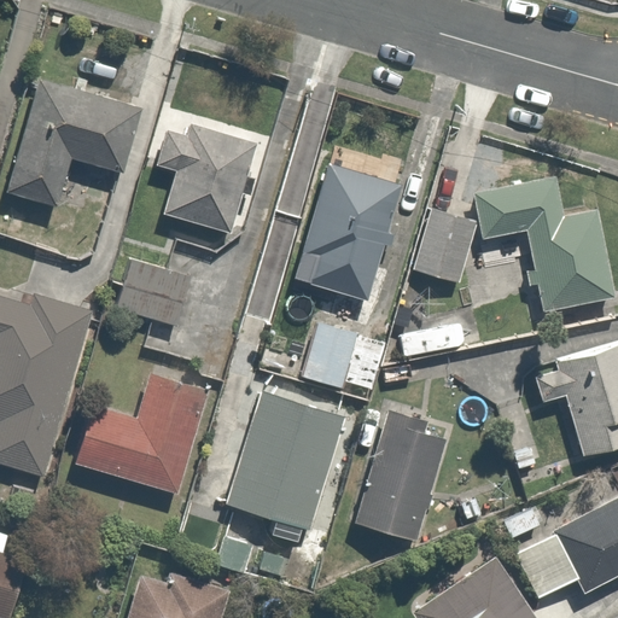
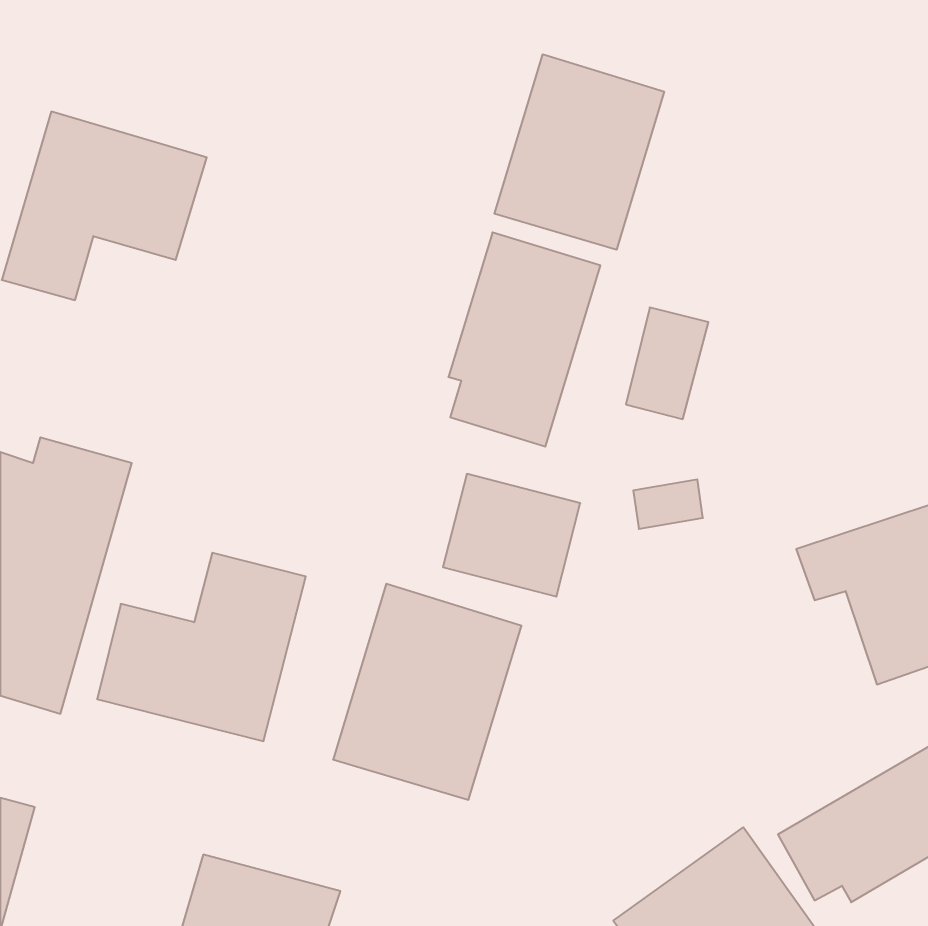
building: none -> [494,54,664,250]
building: [154,121,253,238] -> none
building: [477,182,610,315] -> none
building: [117,261,194,328] -> none
building: [352,413,445,540] -> none

